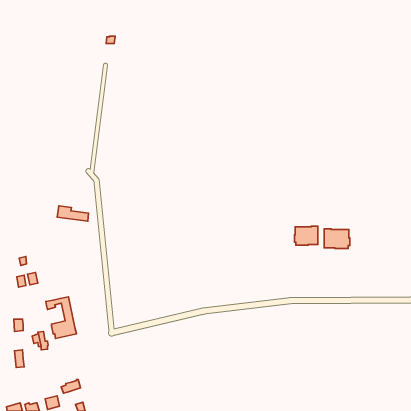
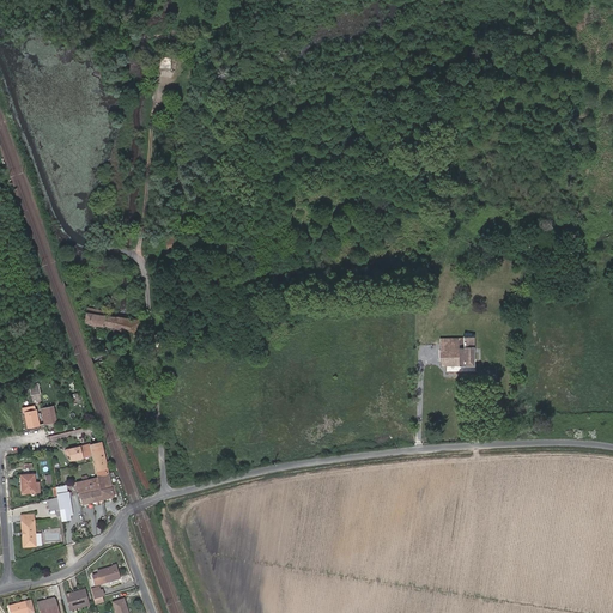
building: [324,229,350,249] -> none

